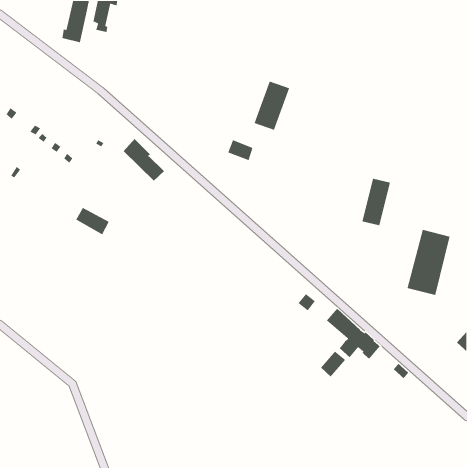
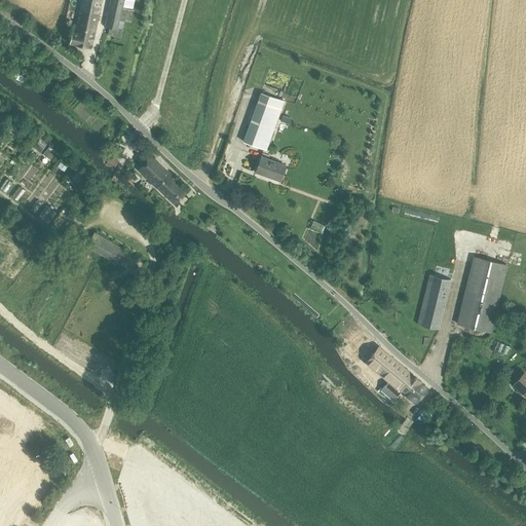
building: [254,81,290,131] -> [242,92,284,149]
building: [362,178,391,226] -> [417,274,450,329]
building: [320,350,346,377] -> none

